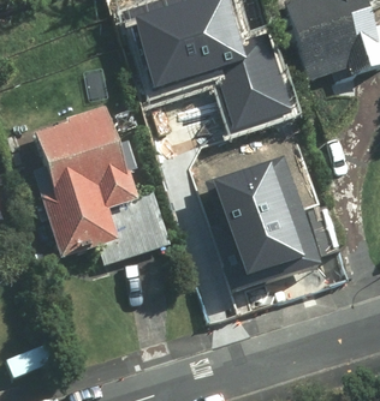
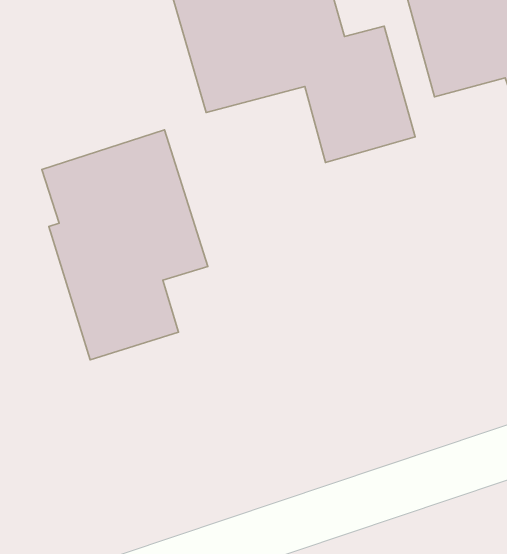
building: [200,152,317,288] -> none

